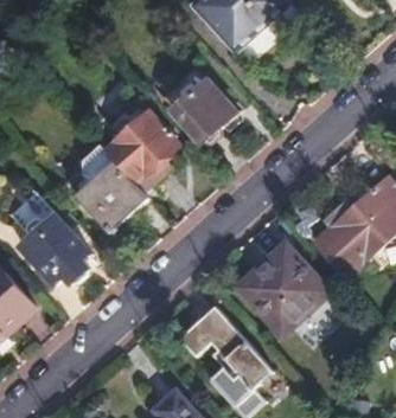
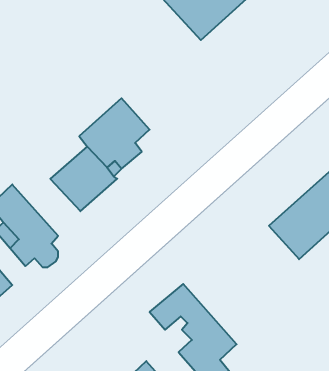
building: [157,66,237,143] -> none
building: [238,244,328,335] -> none

